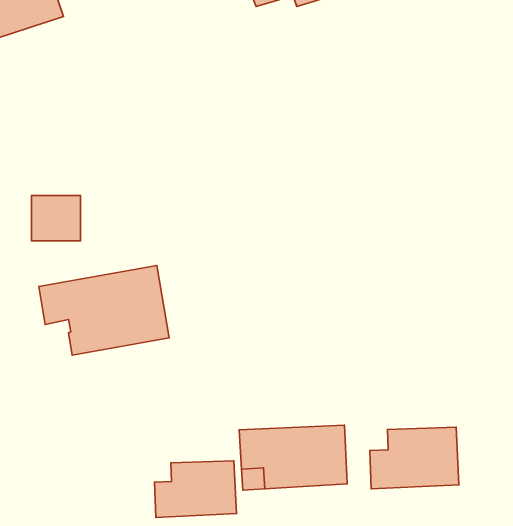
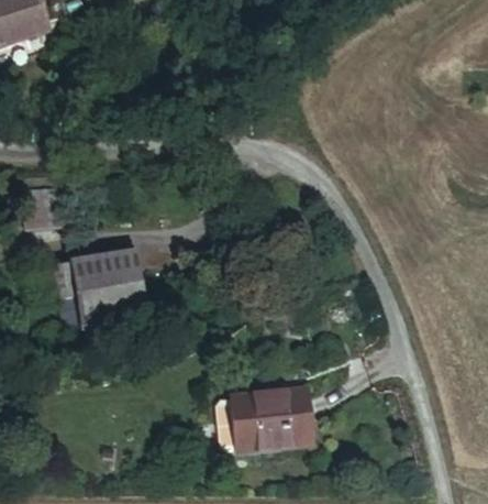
building: [370,427,459,489] -> none
building: [155,461,236,517] -> none

